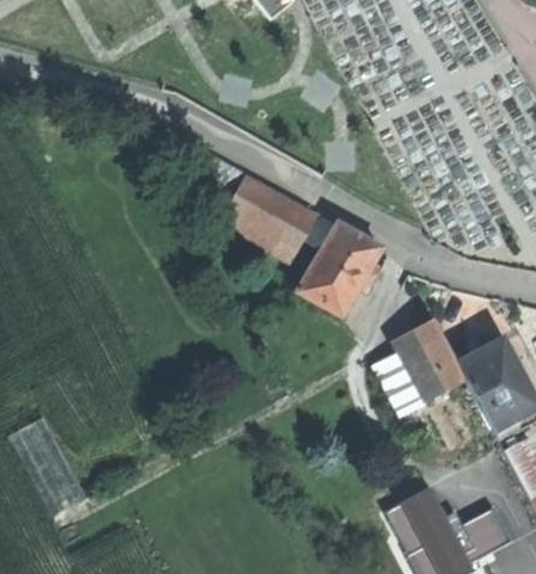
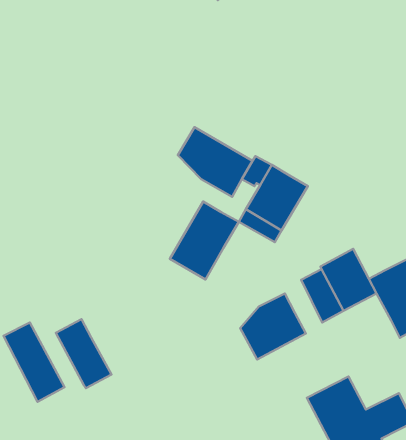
building: none -> [170,201,239,279]
building: none -> [240,293,306,360]
building: none -> [56,319,112,388]

